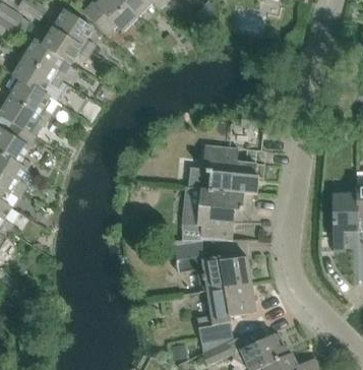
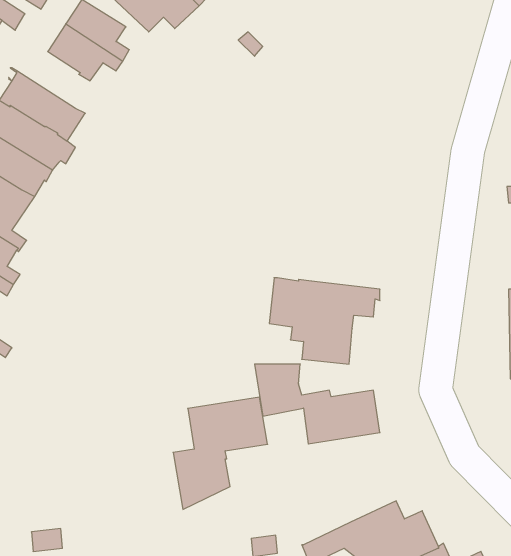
building: [24,41,70,80] -> none
building: [187,144,258,194] -> none
building: [197,283,256,353] -> [173,397,268,509]

